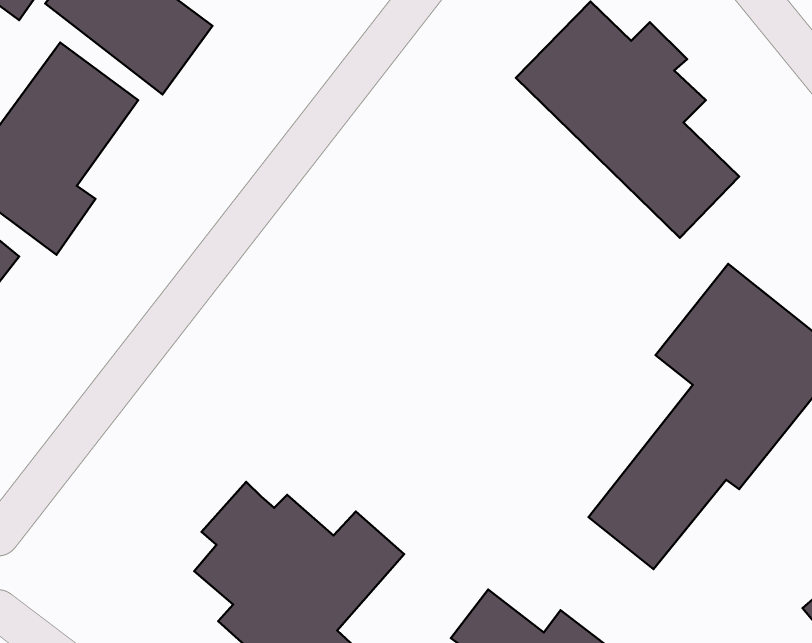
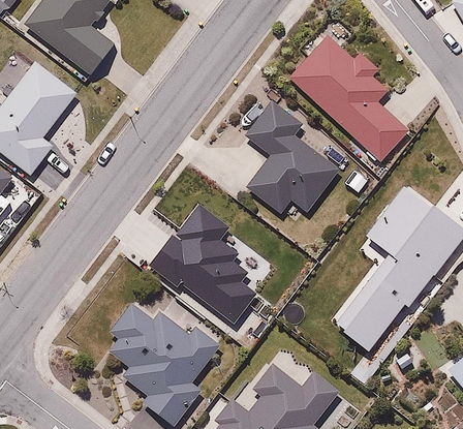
building: none -> [242,98,339,217]
building: none -> [148,196,248,316]

